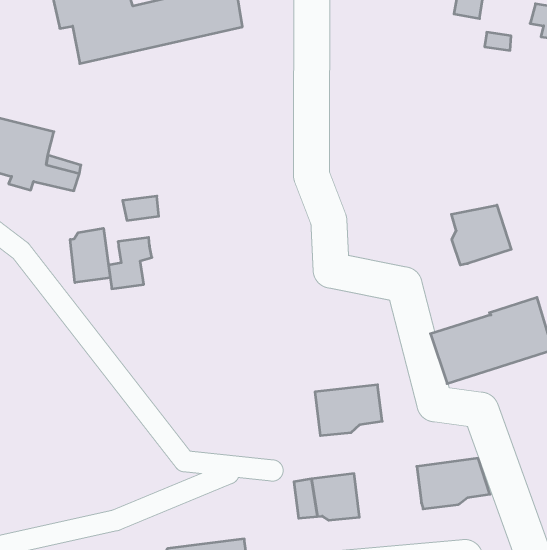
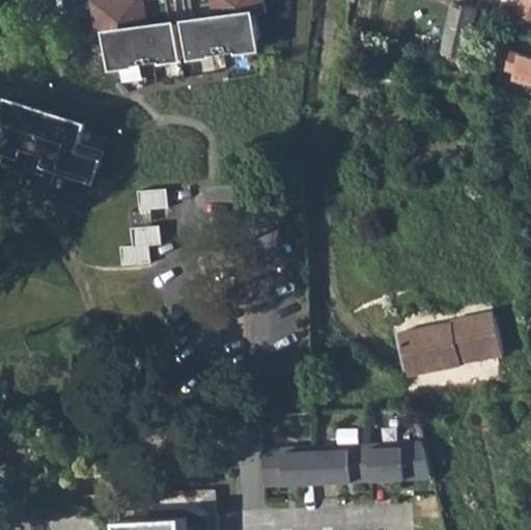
building: [451,205,511,265] -> none
building: [70,228,110,283] -> none
building: [315,385,382,436] -> [314,446,370,485]

